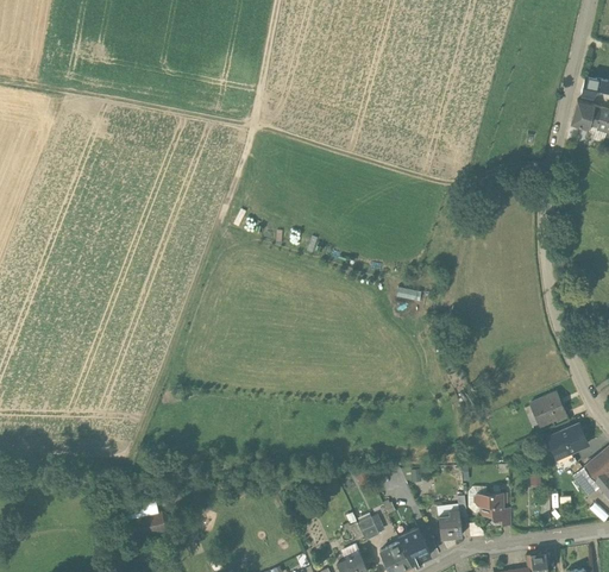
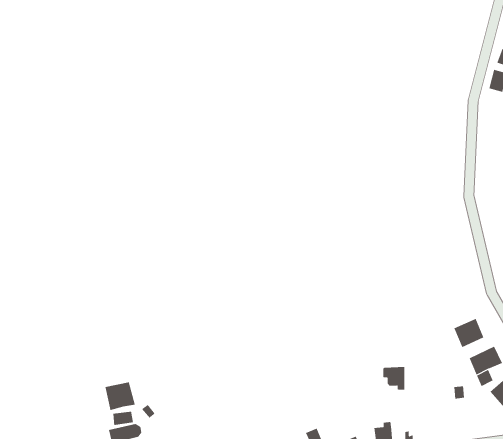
building: none -> [105,381,135,411]
building: [477,491,503,518] -> [383,367,405,390]

